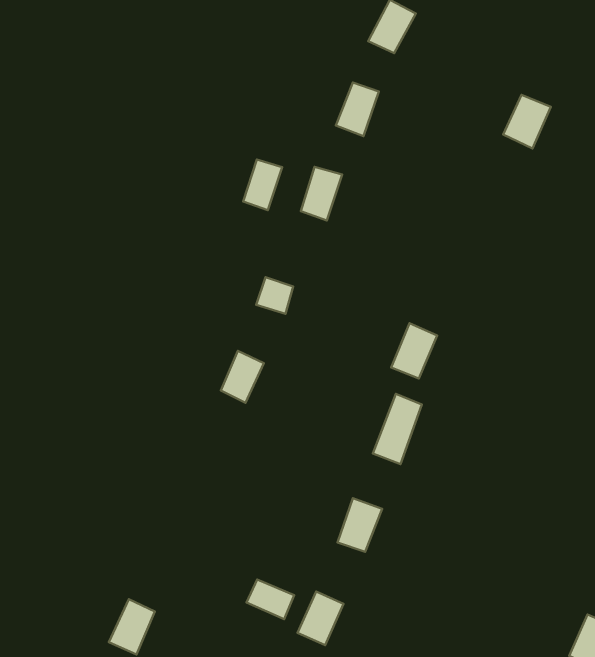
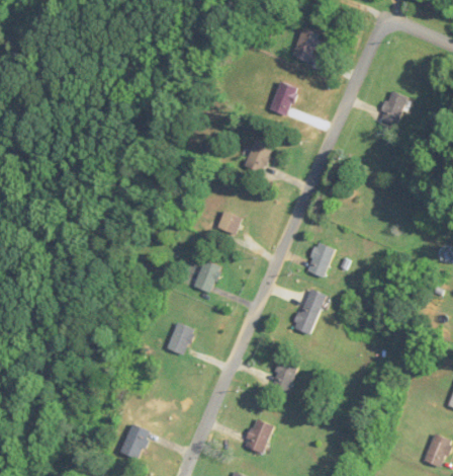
building: [243,159,282,210] -> none
building: none -> [166,322,194,355]
building: [246,579,294,619] -> none

